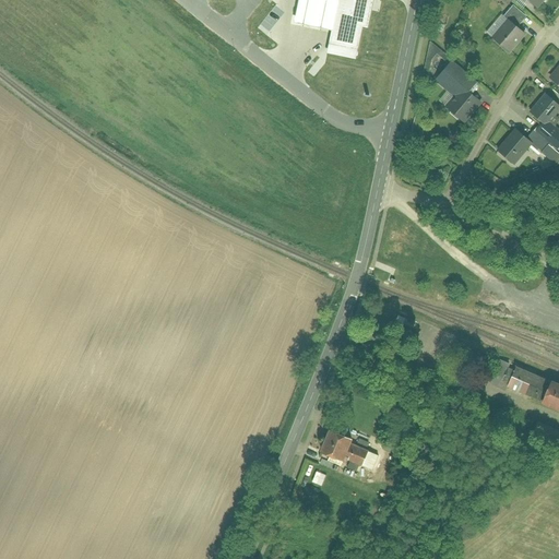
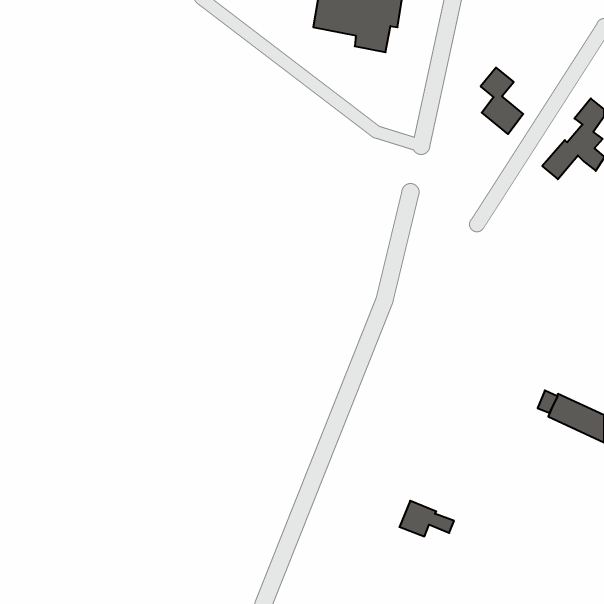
building: [490,7,526,53] -> none
building: [318,429,368,462] -> [399,501,454,536]

